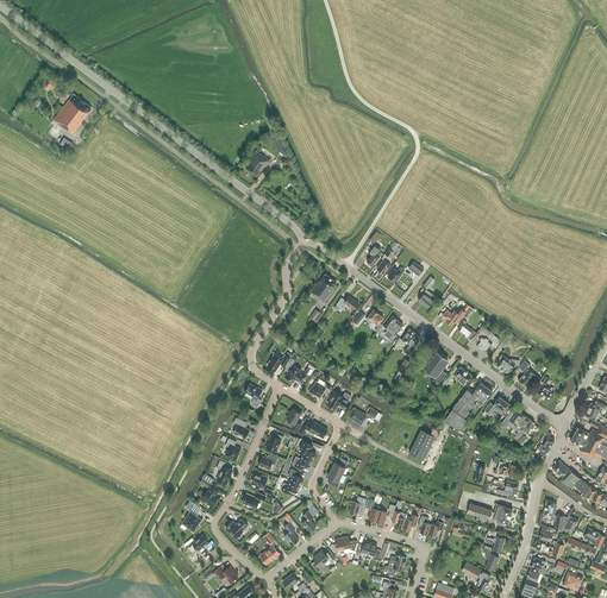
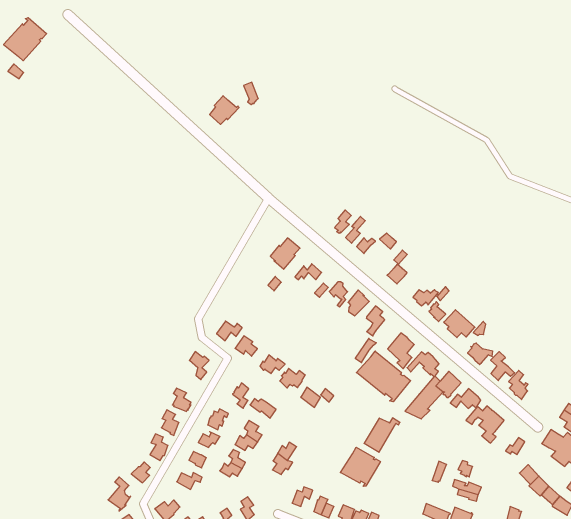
building: none -> [356,351,411,402]
building: none -> [340,447,380,486]

